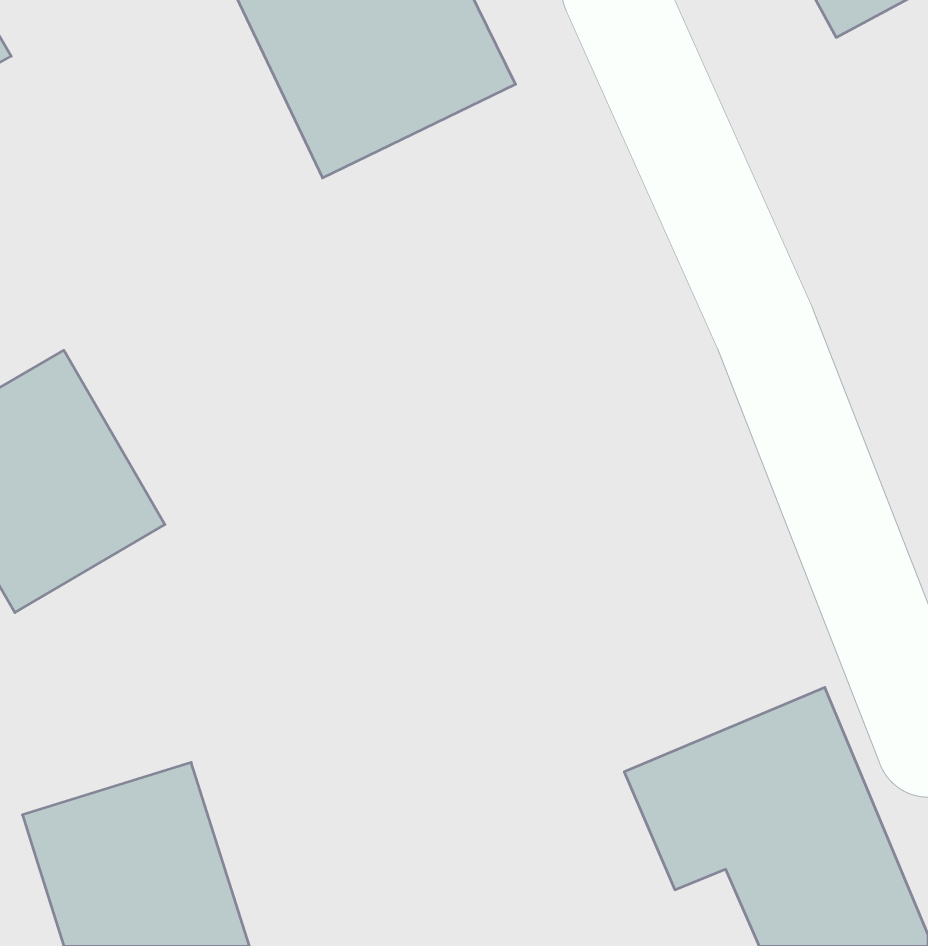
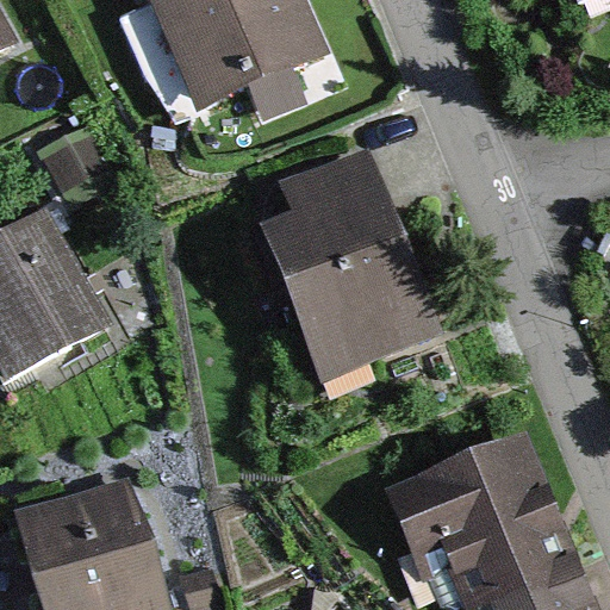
building: none -> [259,139,447,381]

